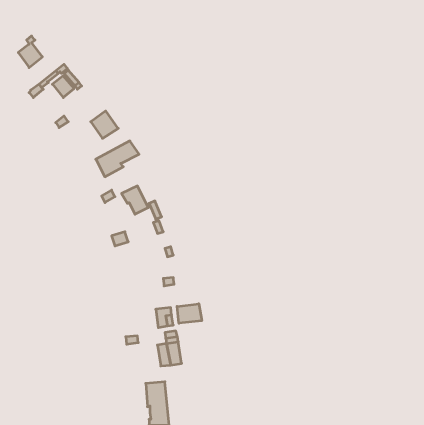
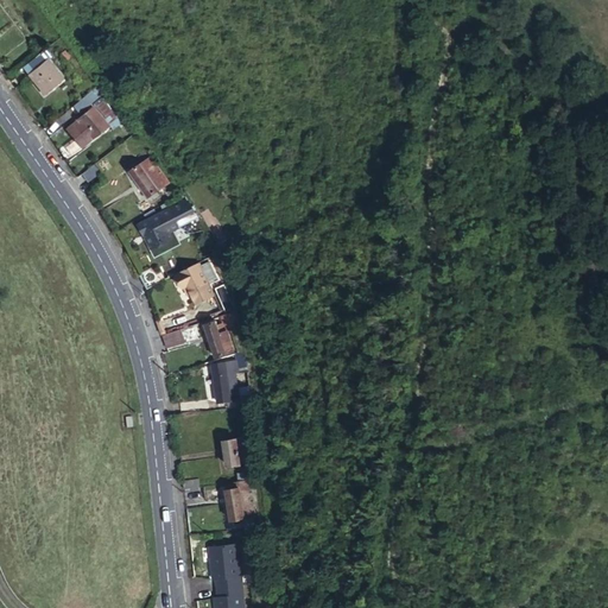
building: none -> [202,322,233,359]
building: none -> [209,361,233,404]
building: [177,304,202,323] -> none

